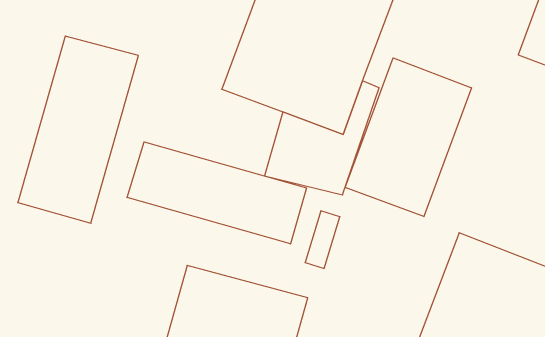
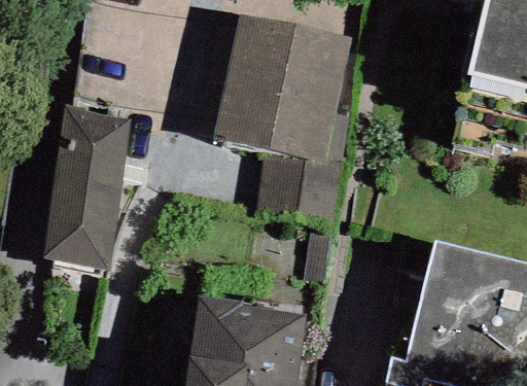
building: [345,58,471,217] -> none
building: [127,142,306,244] -> none

